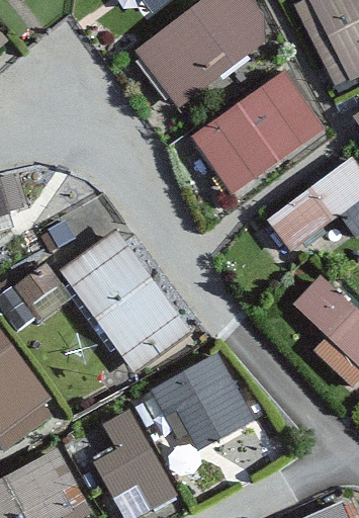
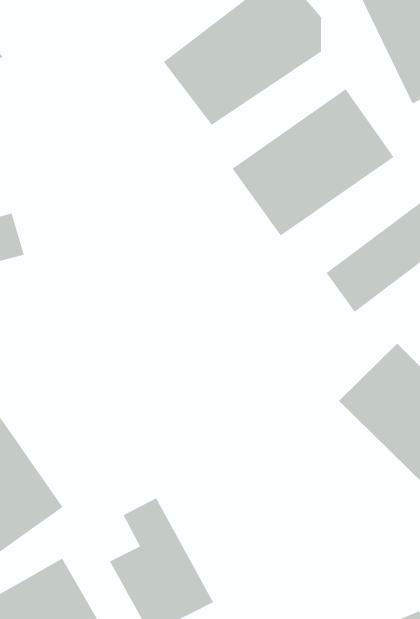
building: [64,231,186,365] -> none
building: [146,355,253,447] -> none

